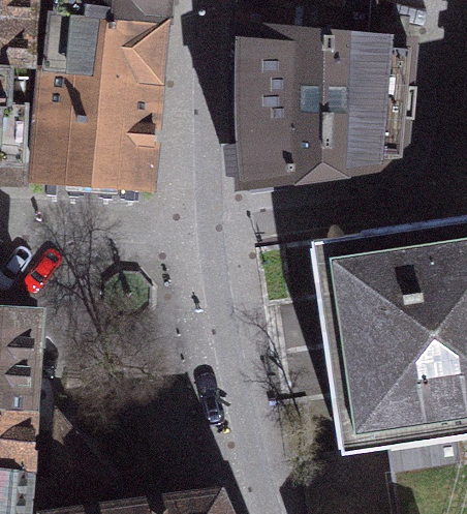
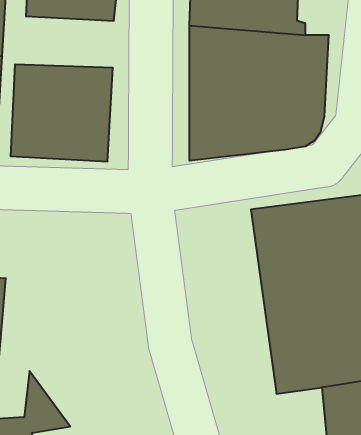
building: [48,22,160,82] -> none

